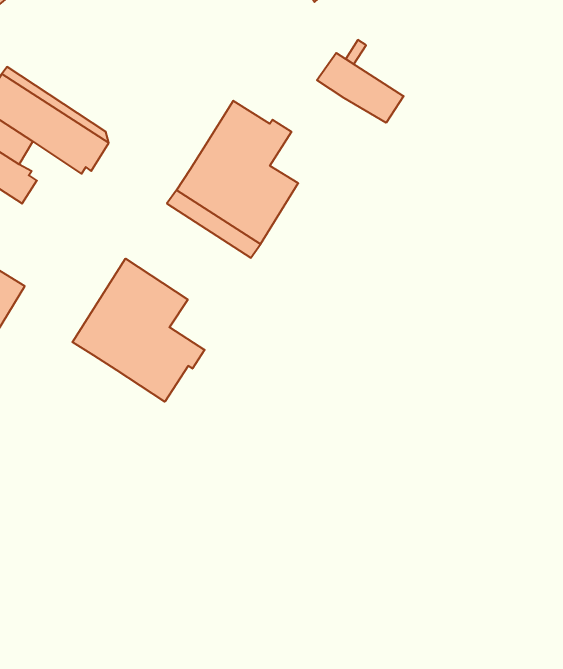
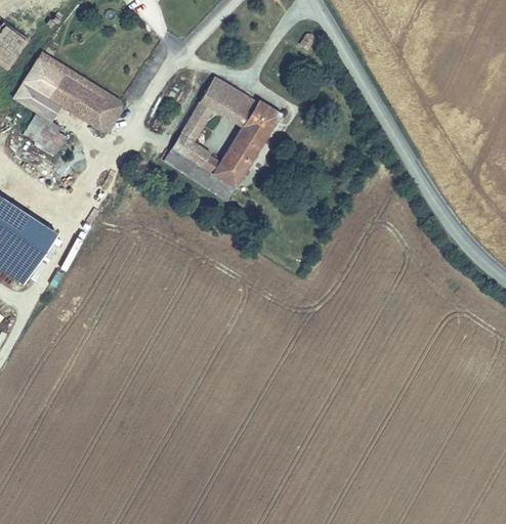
building: [317,53,404,123] -> none
building: none -> [243,101,281,140]
building: [72,259,205,402] -> none

